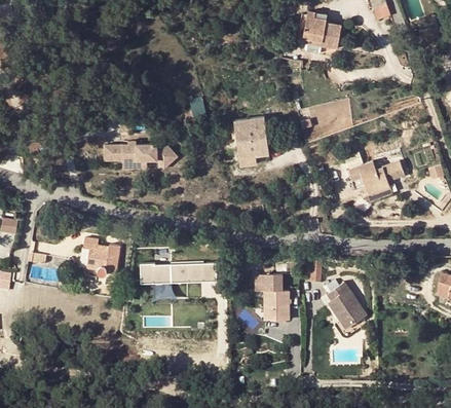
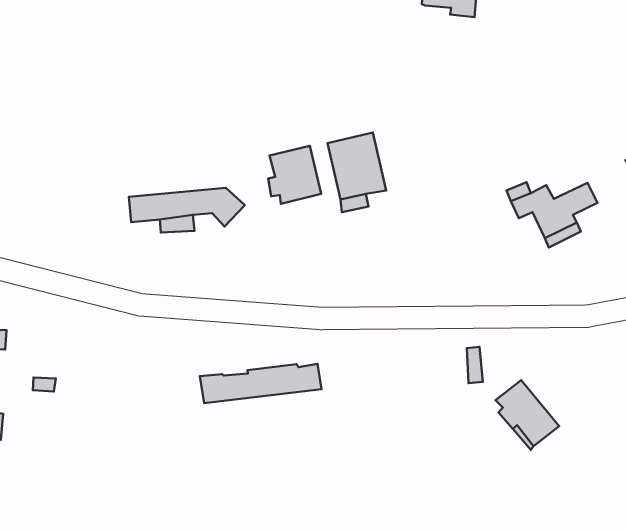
building: none -> [268,146,321,204]
building: [83,238,119,276] -> none
building: [246,276,289,322] -> none

